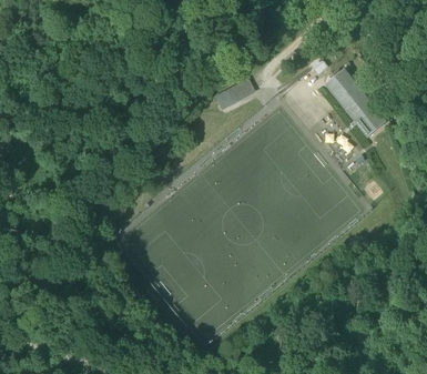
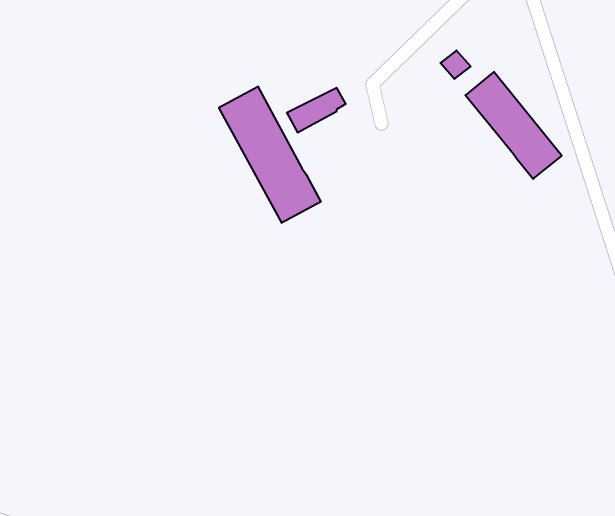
building: none -> [219,86,321,223]

